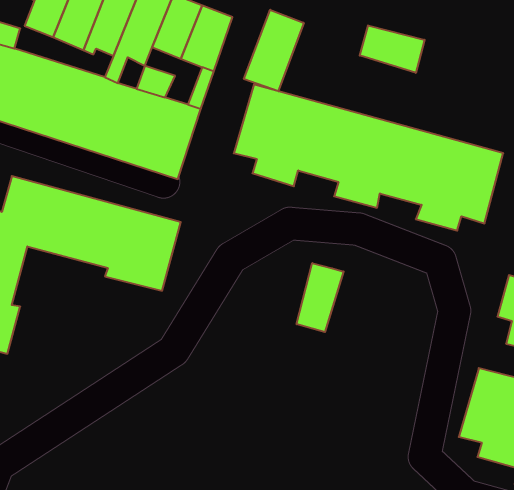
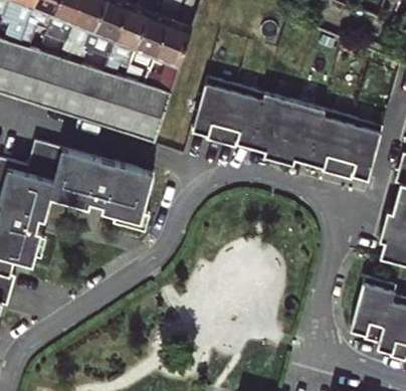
building: [244,10,304,91] -> none
building: [360,25,425,73] -> none
building: [297,263,344,332] -> none

